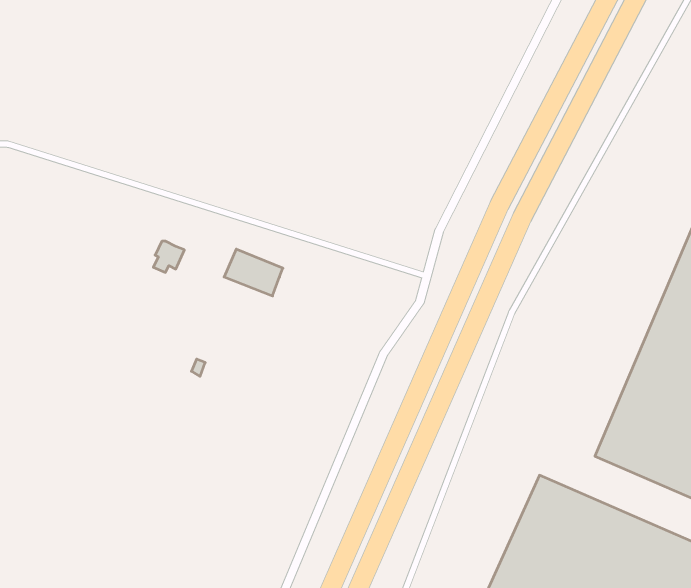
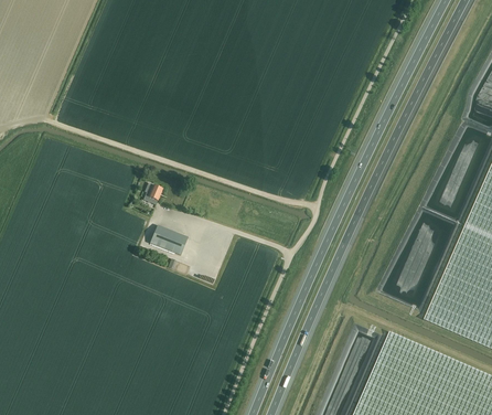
building: [224,249,283,296] -> [150,225,188,255]

